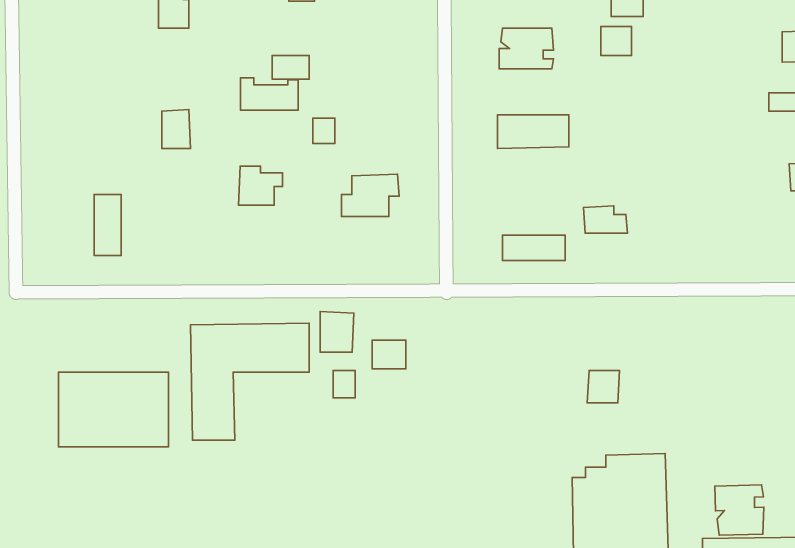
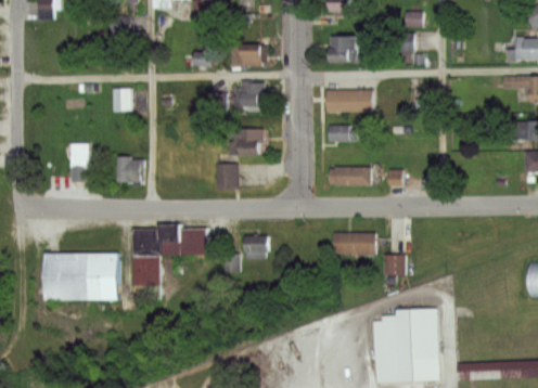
building: [240,78,298,110] -> [232,46,269,66]
building: none -> [232,82,262,111]
building: [239,166,283,205] -> [116,157,144,182]
building: [583,206,627,233] -> [328,124,356,141]
building: [320,312,354,352] -> [216,164,238,190]
building: none -> [333,233,374,256]
building: [715,485,764,535] -> none

